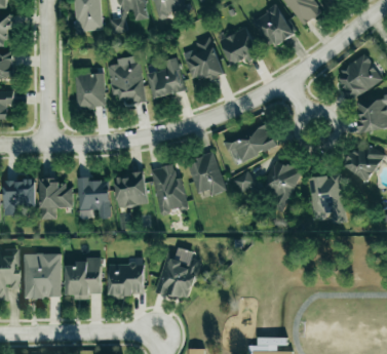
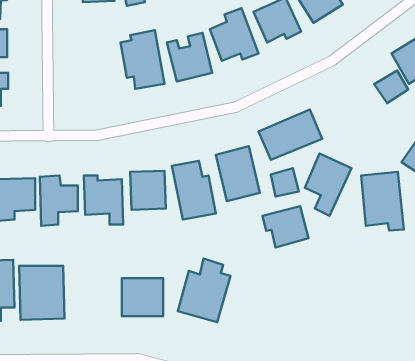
building: [76,68,105,109] -> none
building: none -> [374,71,408,103]
building: none -> [263,206,309,247]
building: [66,261,102,300] -> none

